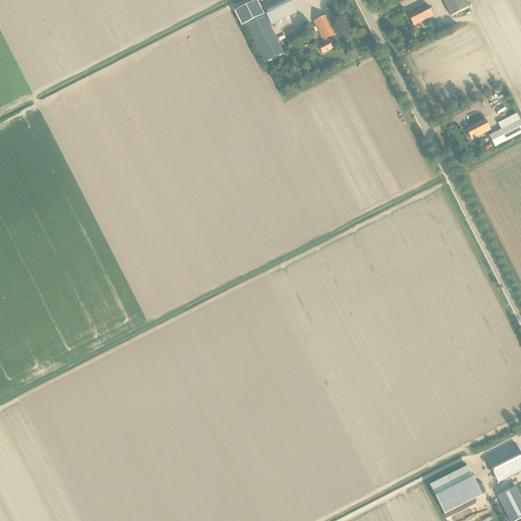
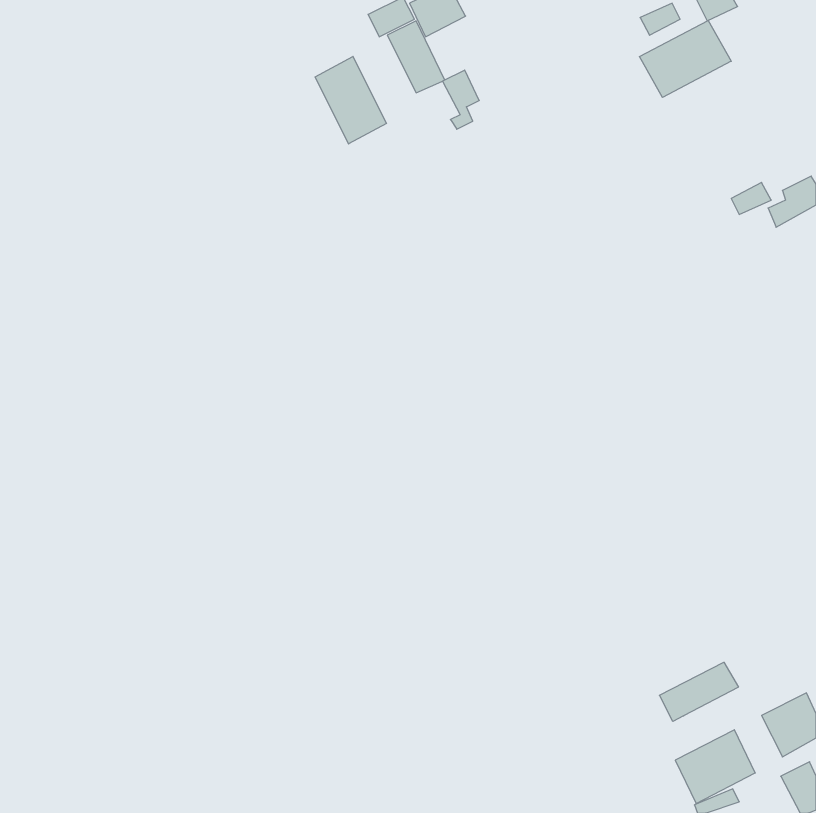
building: [312,12,336,50] -> [442,70,479,129]
building: none -> [639,20,731,97]
building: none -> [315,56,386,144]
building: none -> [659,662,738,721]

